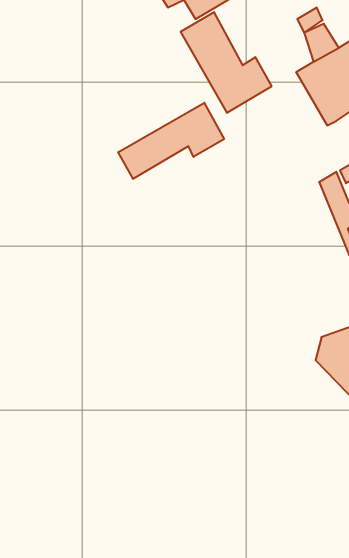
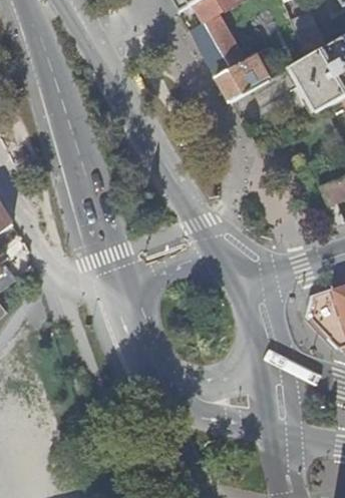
building: [118,103,224,179] -> none

